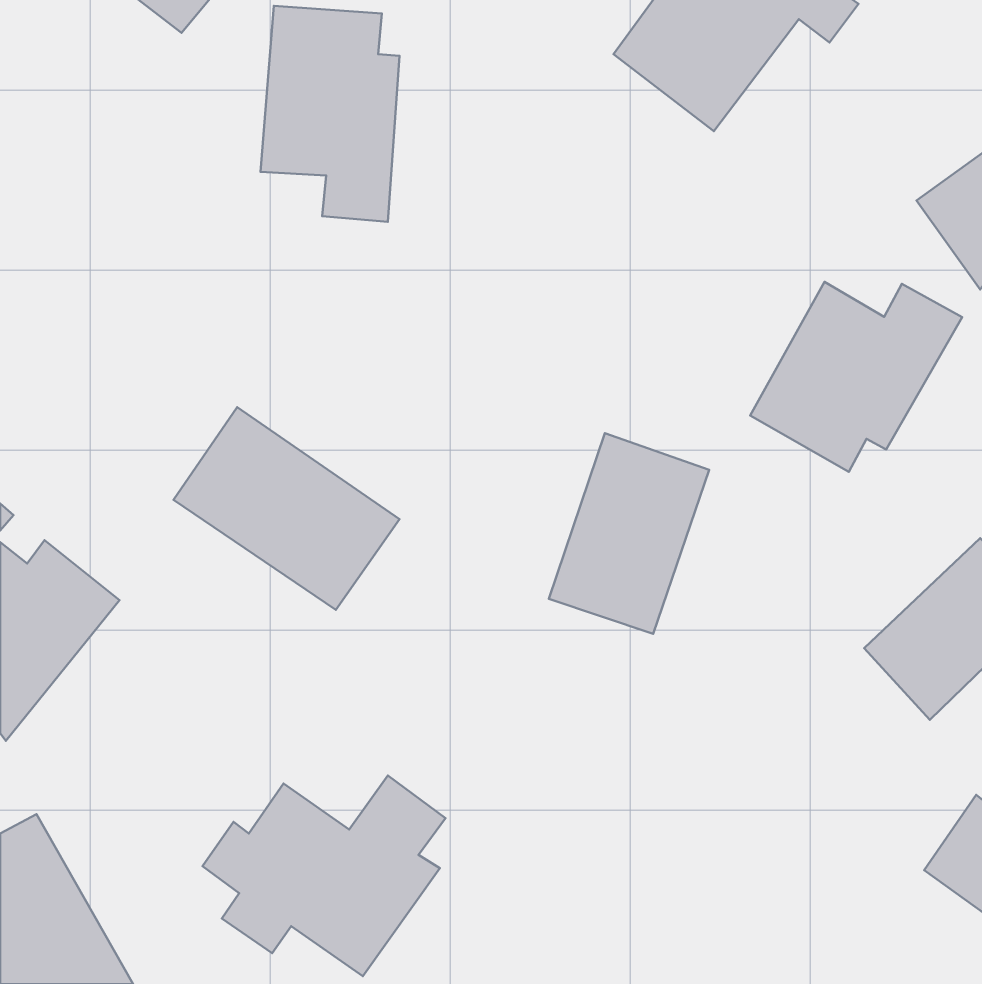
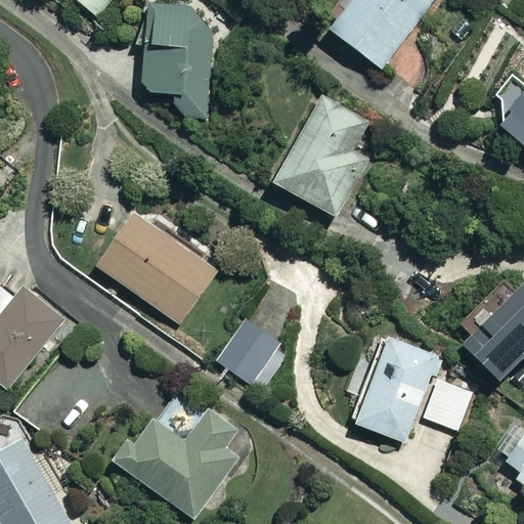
building: none -> [272,95,373,216]
building: [750,282,962,472] -> none
building: [549,433,709,634] -> [351,335,436,441]
building: none -> [217,317,288,388]
building: none -> [424,378,477,431]

